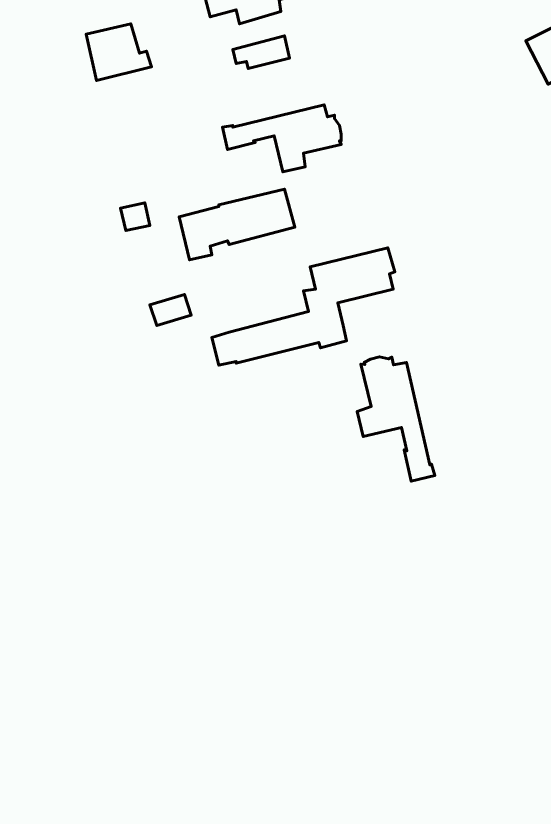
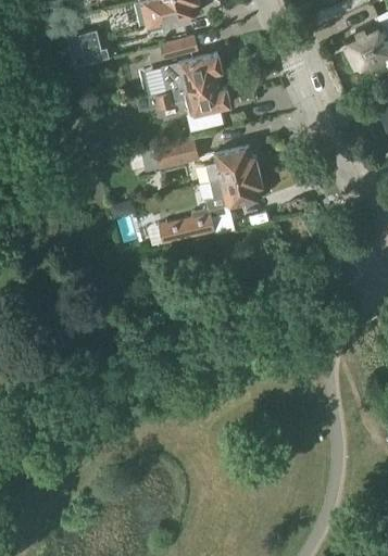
building: none -> [146,55,223,96]
building: none -> [206,147,260,184]
building: [357,357,435,481] -> none

